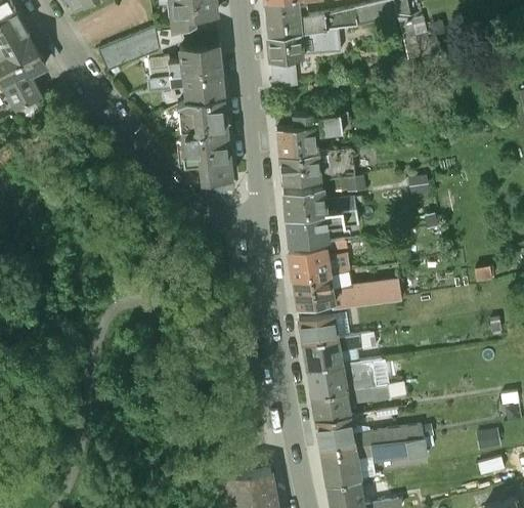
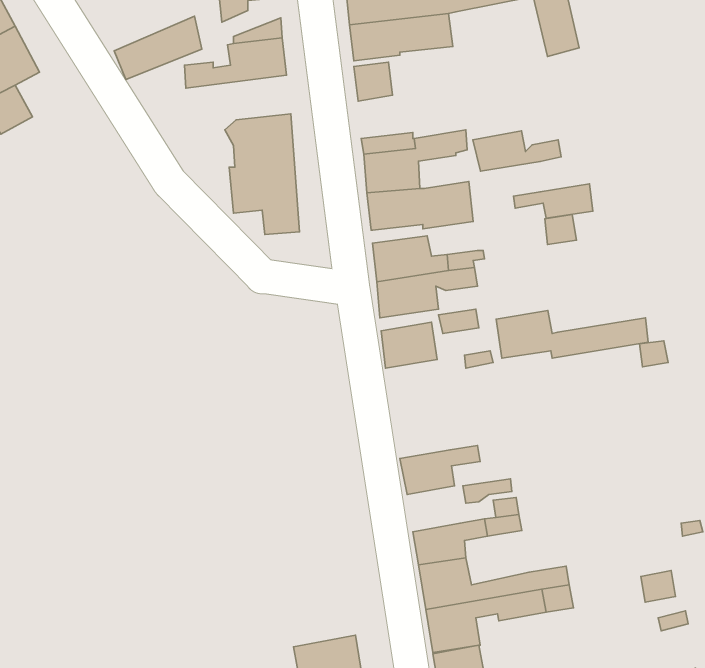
building: [146,73,224,104] -> none
building: none -> [473,131,561,171]
building: none -> [513,184,593,218]
building: [292,276,400,309] -> [496,311,648,358]
building: [298,315,338,346] -> none
building: [306,366,345,398] -> none

